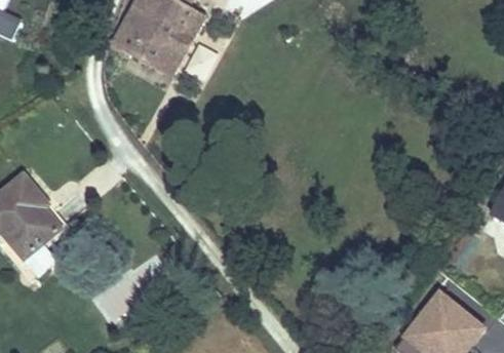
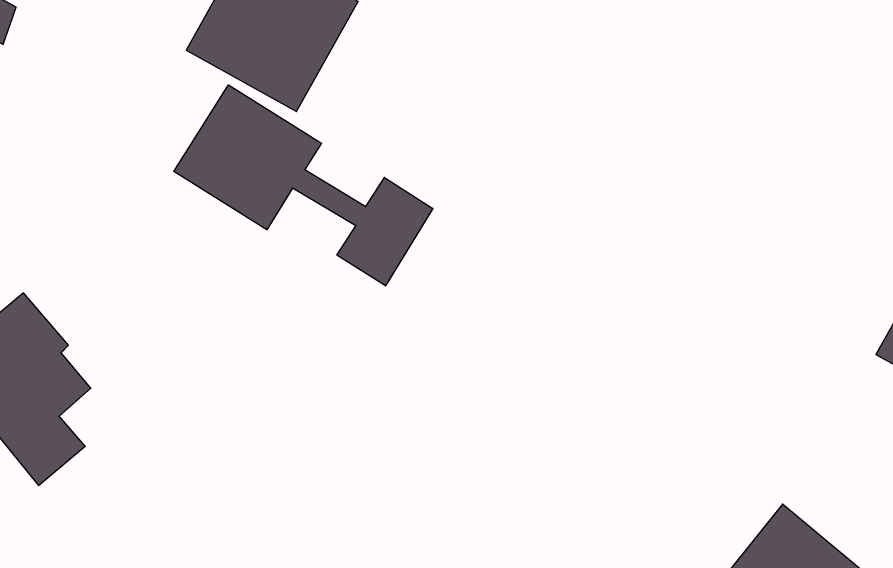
building: none -> [174,85,433,286]

